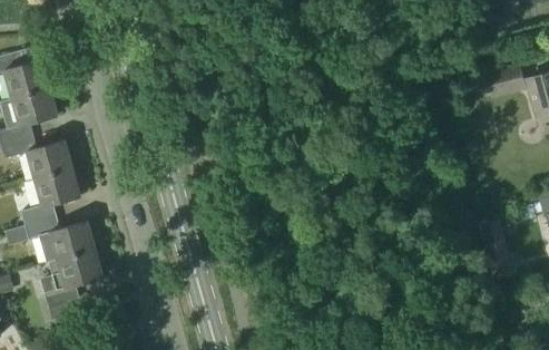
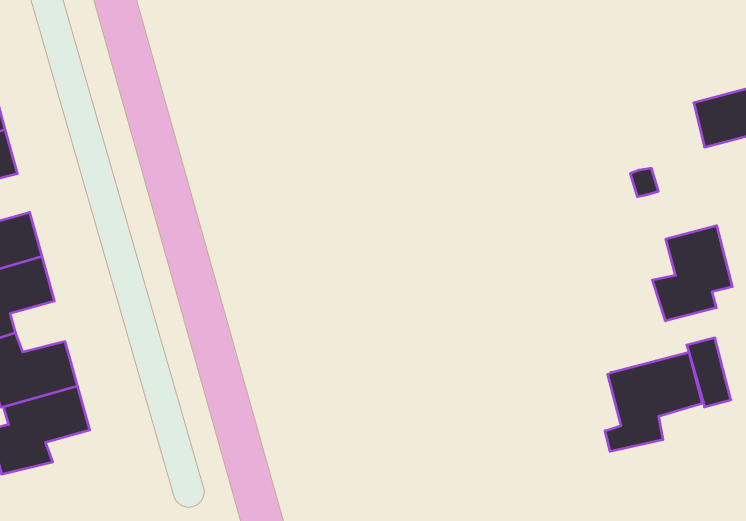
building: none -> [652,226,732,321]
building: none -> [605,352,702,451]

